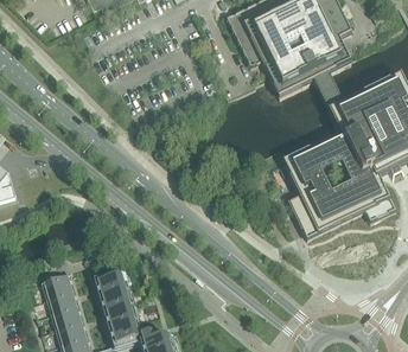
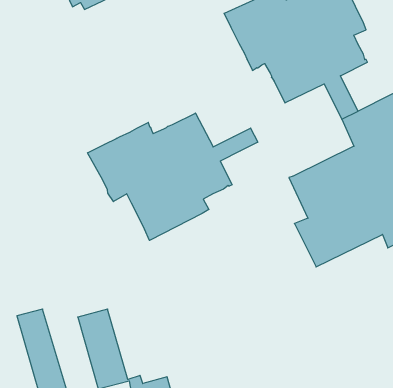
building: none -> [88,113,258,240]

